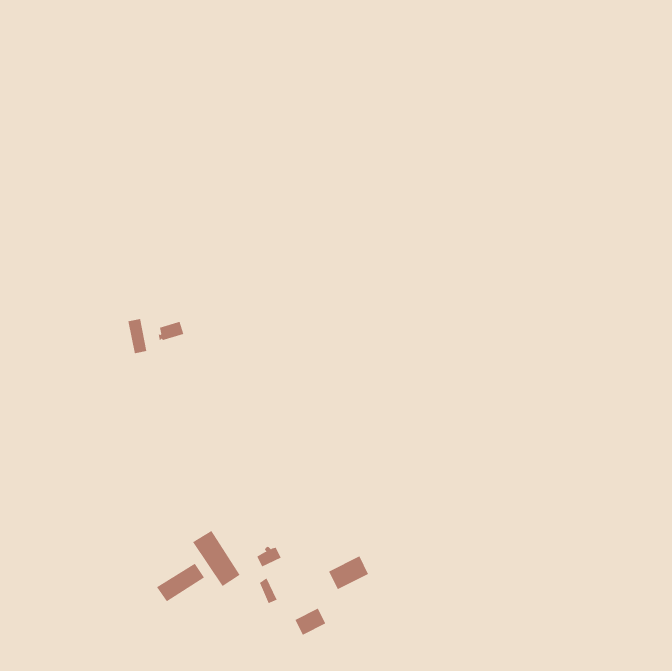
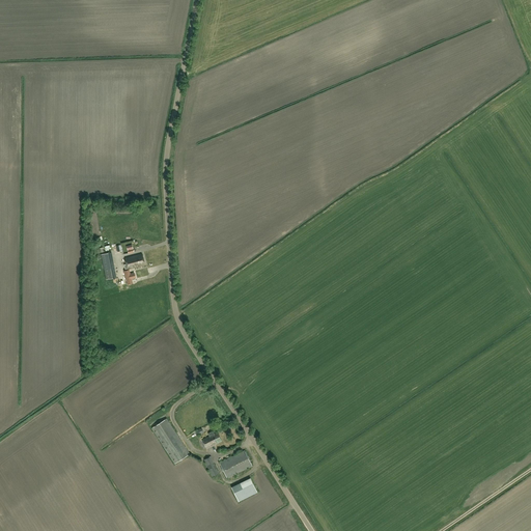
building: [328,556,369,590] -> [220,450,252,477]
building: [156,563,205,602] -> none

